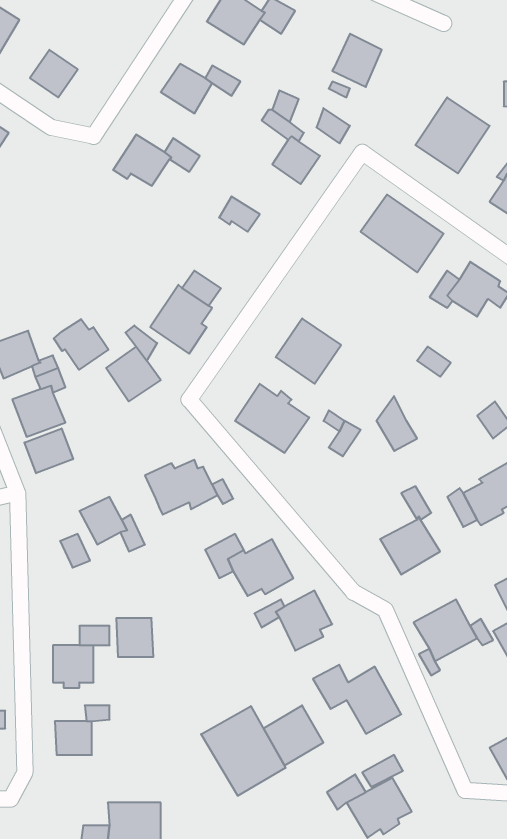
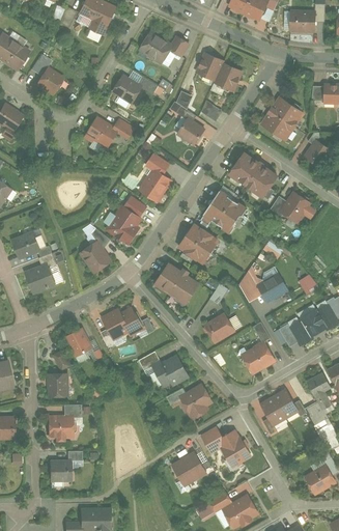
building: none -> [194,46,223,77]
building: none -> [138,167,171,201]
building: none -> [202,190,245,231]
building: [54,319,108,370] -> none
building: none -> [255,273,287,303]
building: [24,428,73,473] -> none
building: none -> [202,312,234,343]
building: [116,618,153,657] -> [46,373,67,396]
building: [201,706,286,796] -> none

